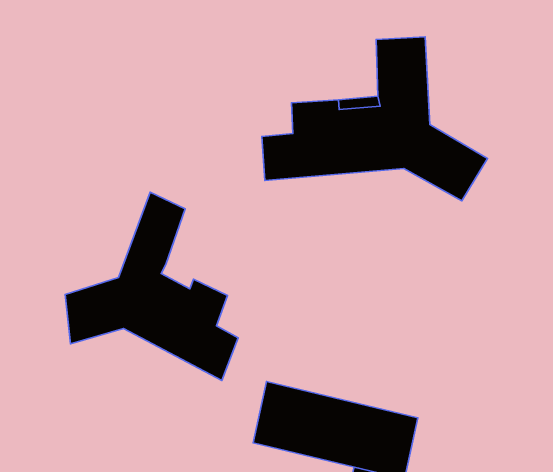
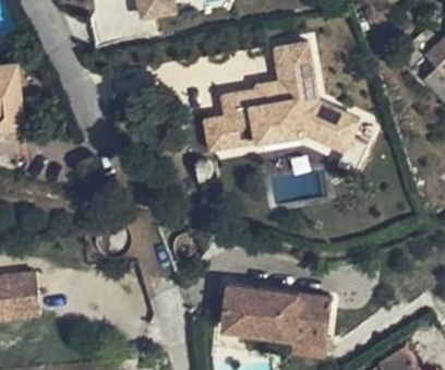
building: [65,192,238,380] -> none

